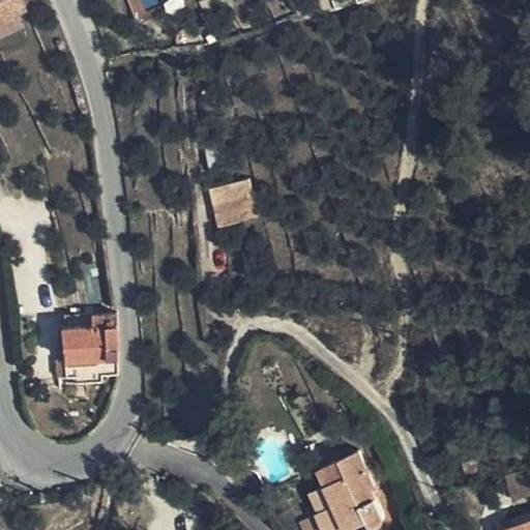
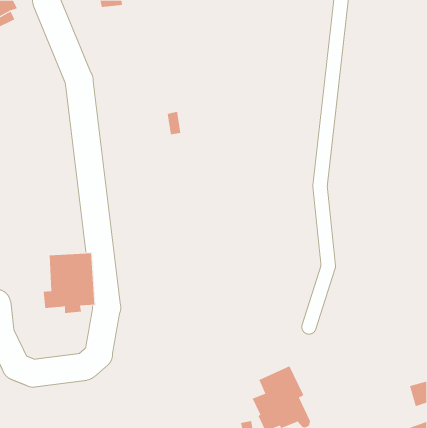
building: [209,180,256,228] -> none

